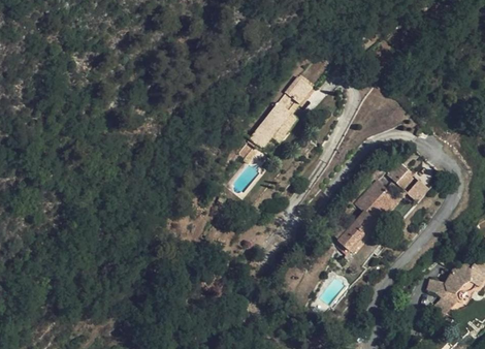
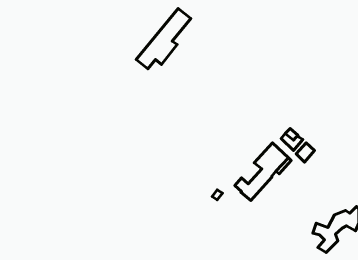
building: [248,74,315,149] -> [136,9,191,69]

